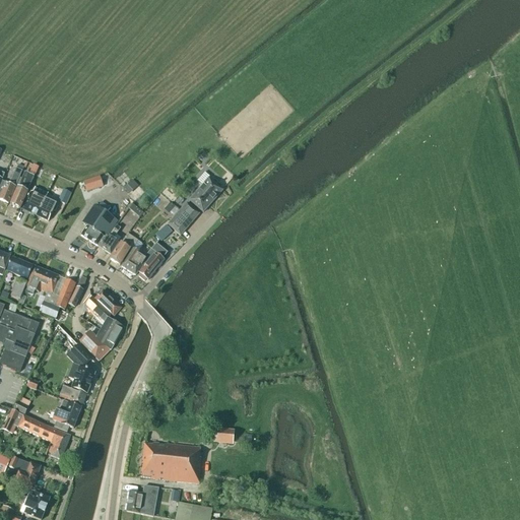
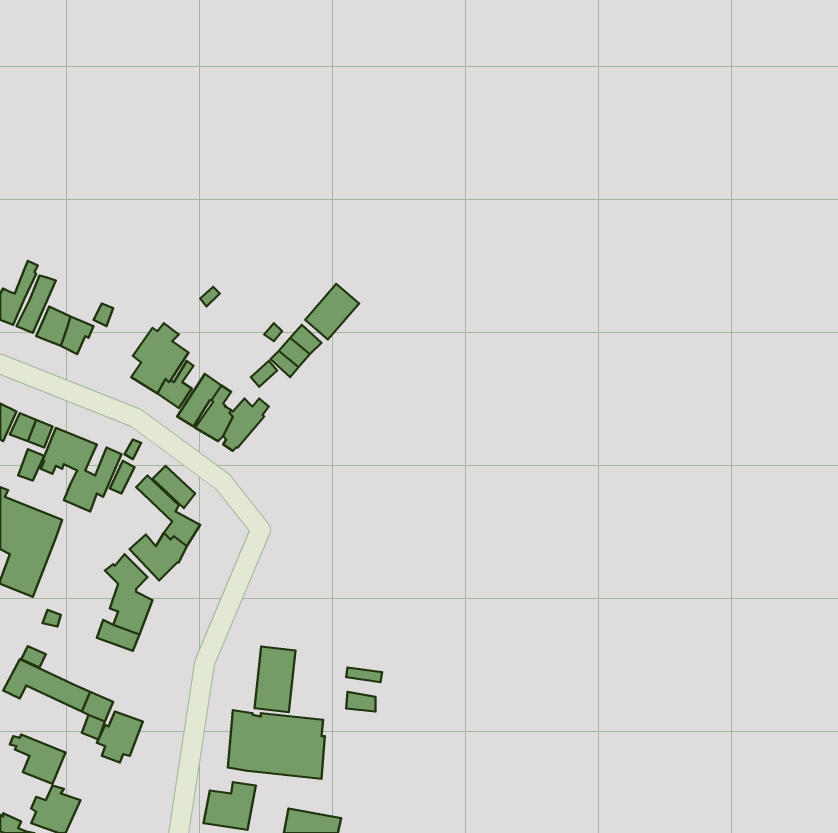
building: [53,399,81,431] -> [97,712,143,762]
building: none -> [254,647,296,712]

